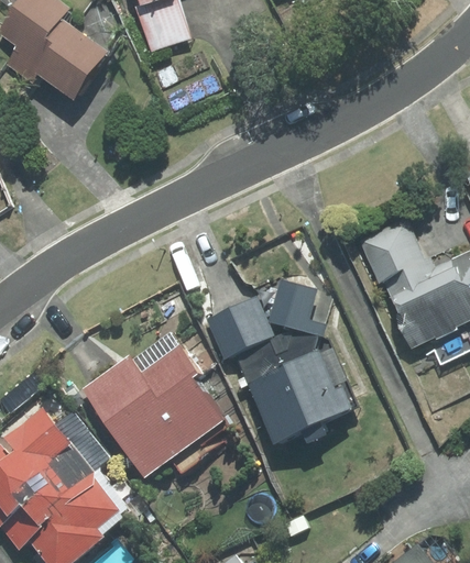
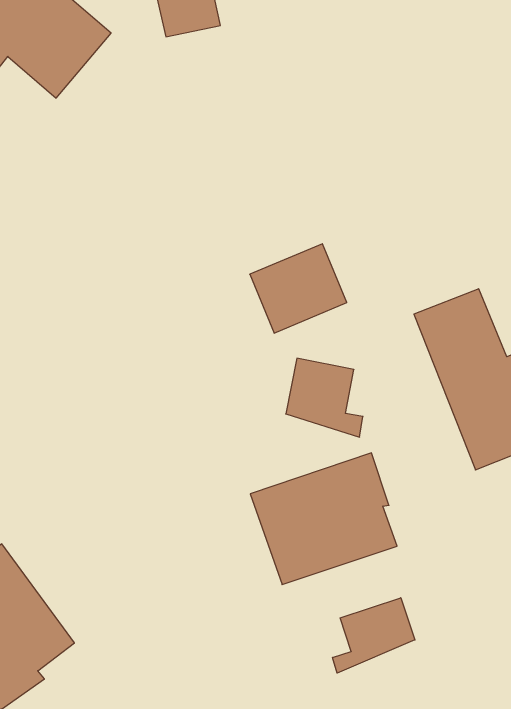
building: [201,292,275,362] -> [250,244,347,333]
building: [83,342,229,479] -> none
building: none -> [333,598,415,673]

